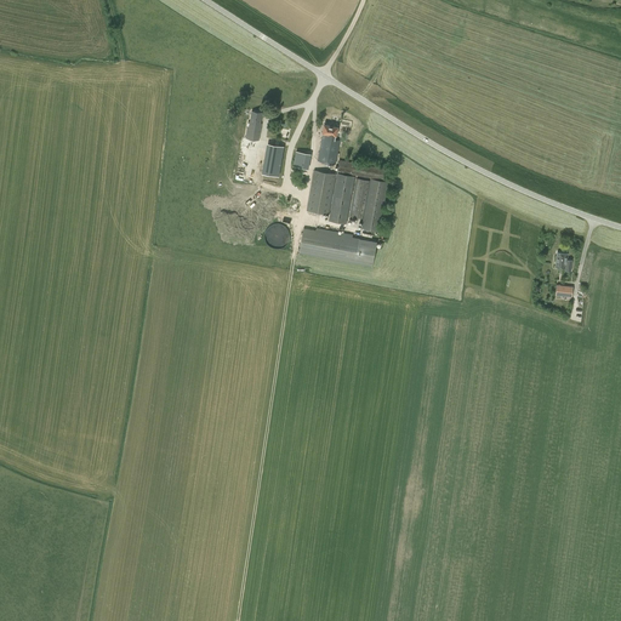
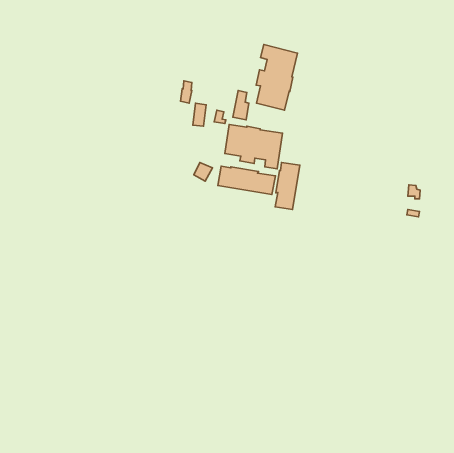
building: none -> [256,44,298,110]
building: none -> [275,163,300,209]

